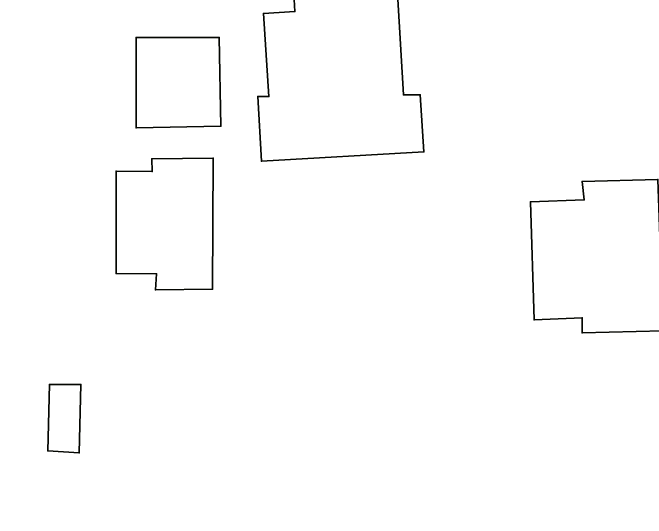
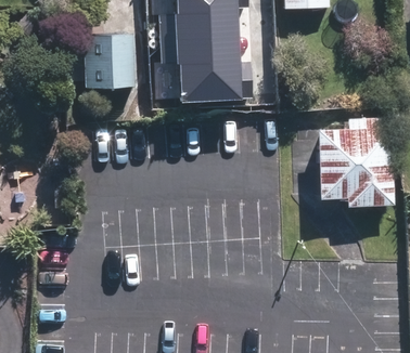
building: [116,158,213,290] -> none

